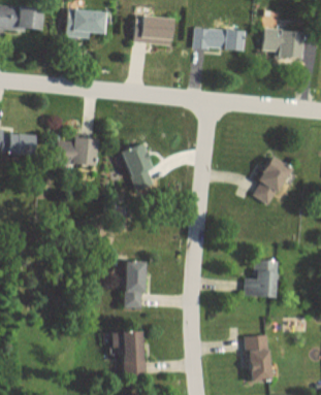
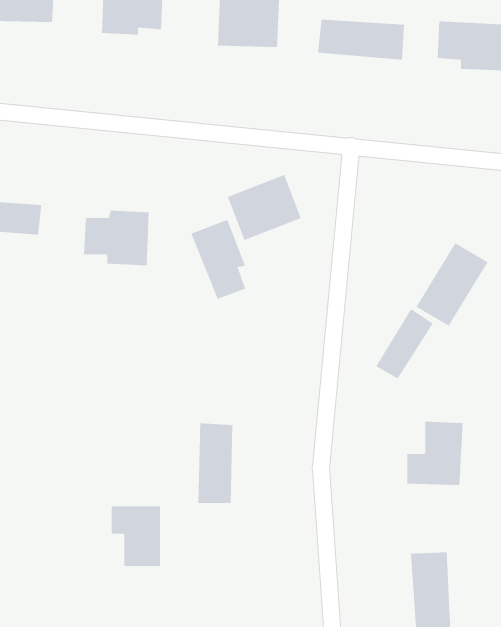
building: none -> [227,174,302,241]
building: none -> [376,308,433,379]
building: [114,332,142,367] -> [111,506,161,566]

